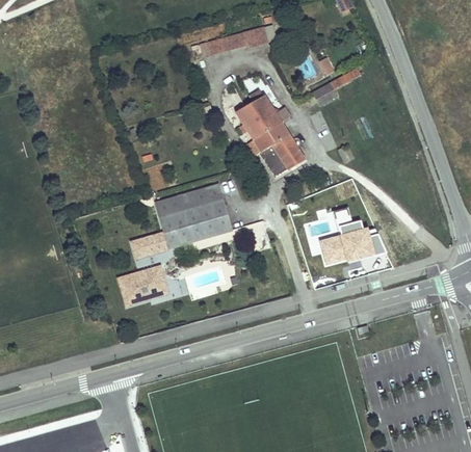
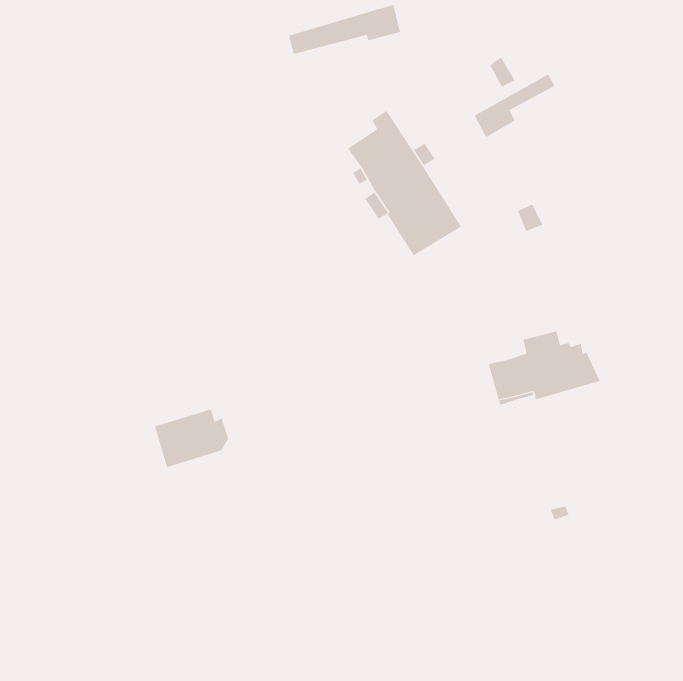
building: [132,183,232,256] -> none

